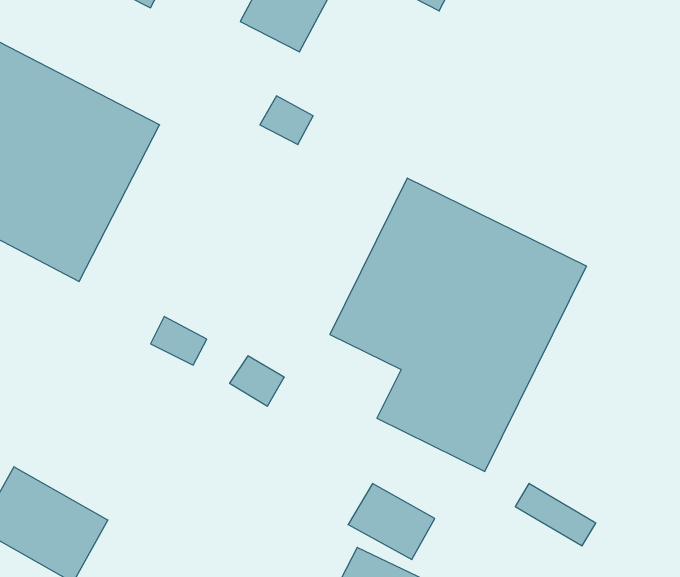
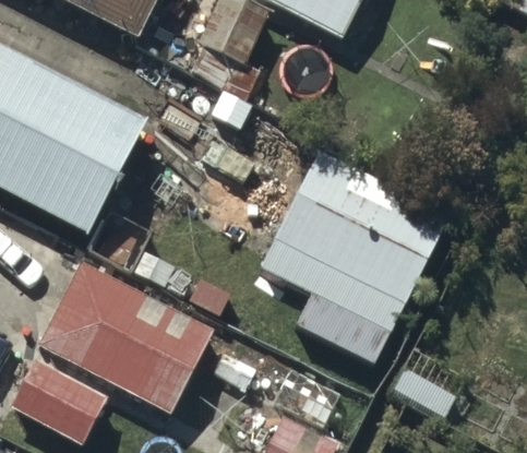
building: none -> [37,264,209,413]

